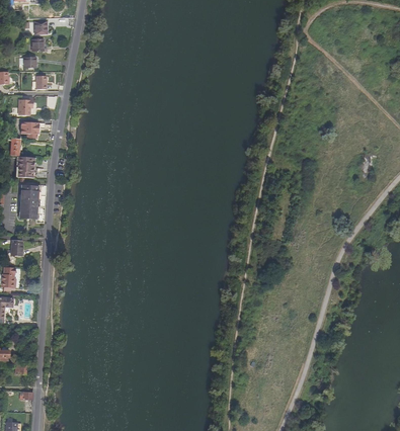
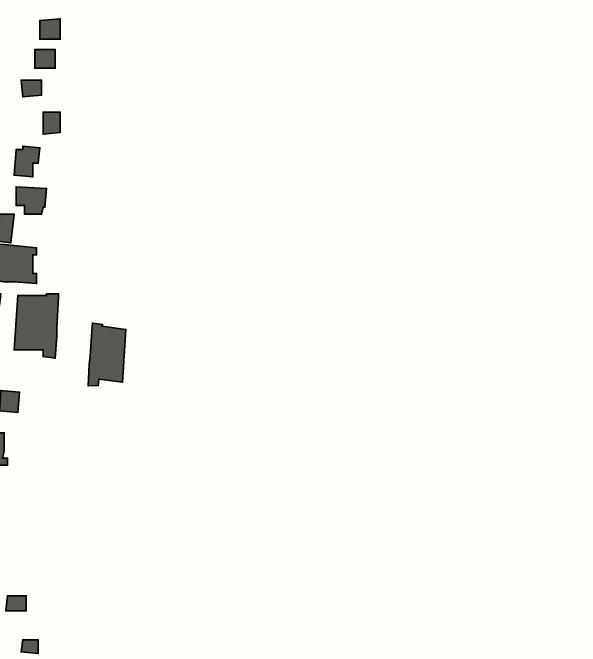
building: none -> [88,323,126,386]

